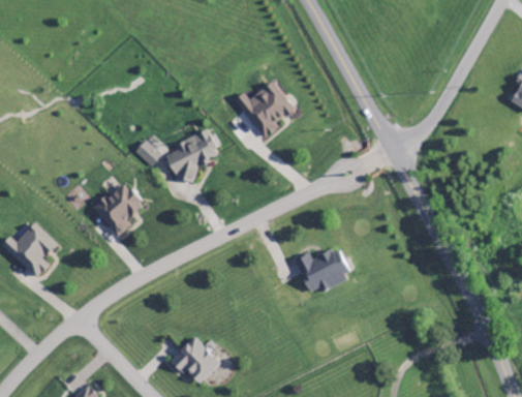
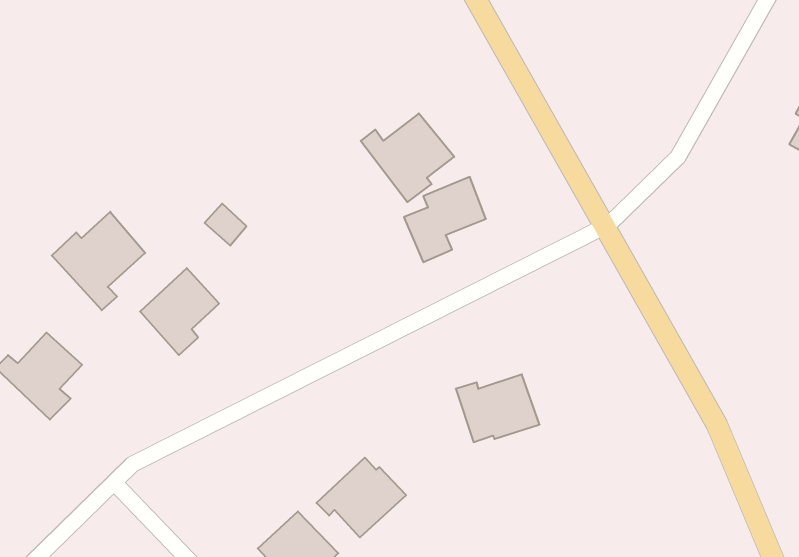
building: [166,128,219,183] -> [404,177,486,262]
building: none -> [52,212,145,310]
building: none -> [316,458,406,537]

